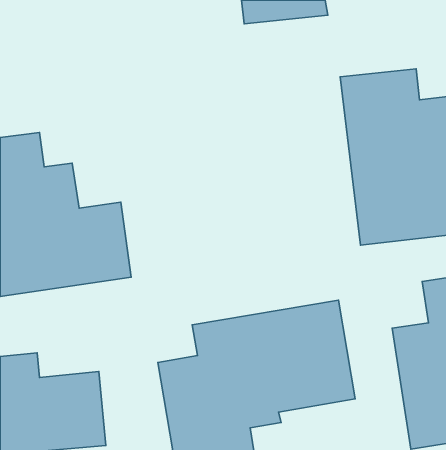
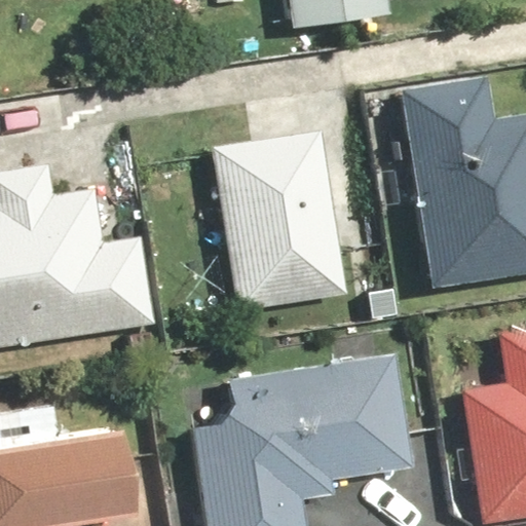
building: none -> [208,125,347,312]

